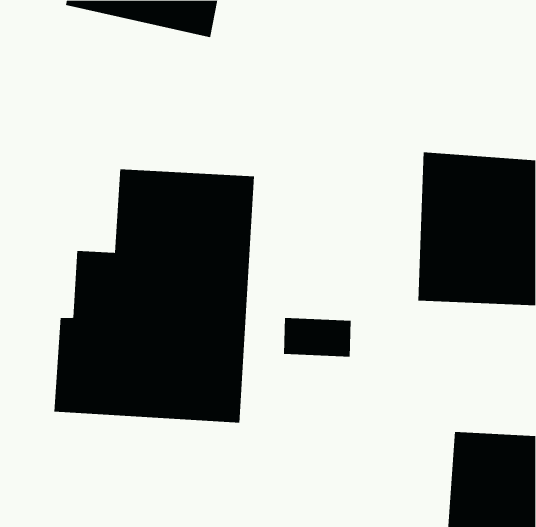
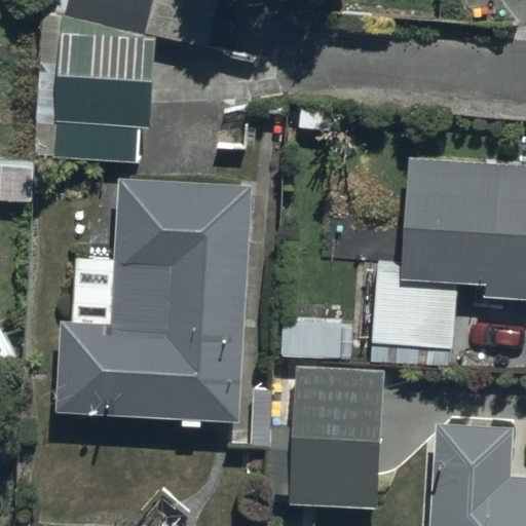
building: none -> [38,13,152,163]
building: none -> [289,369,381,509]

